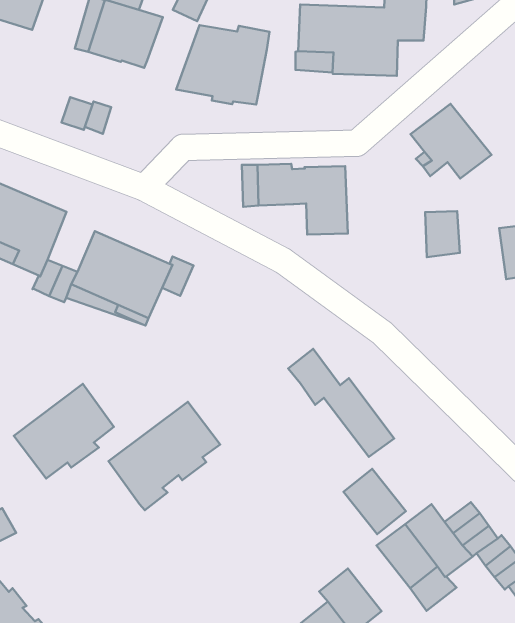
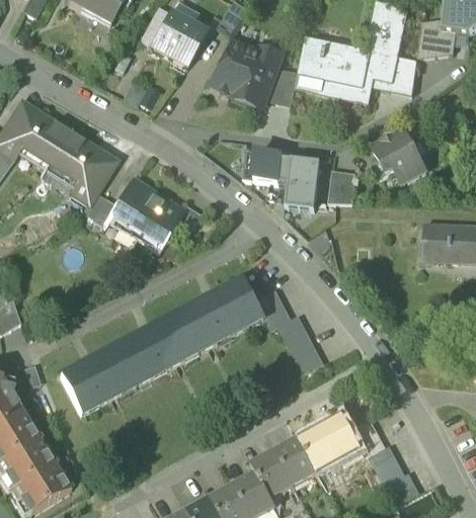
building: none -> [392,55,418,84]
building: none -> [267,67,300,102]
building: [425,211,460,257] -> [329,168,356,201]
building: none -> [180,276,263,349]
building: [14,384,114,479] -> [61,344,134,408]
building: [344,469,406,534] -> [275,436,318,484]

